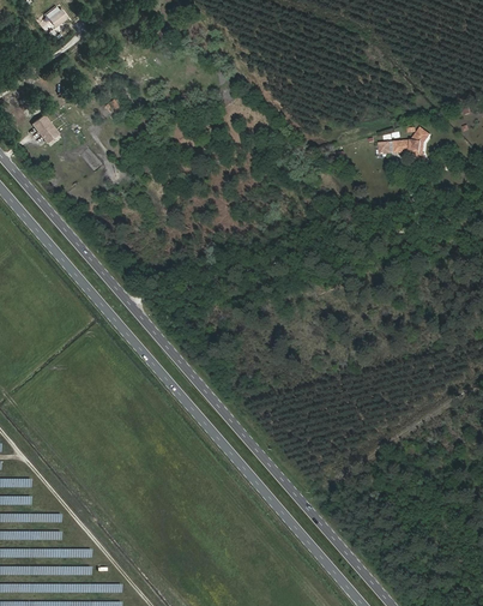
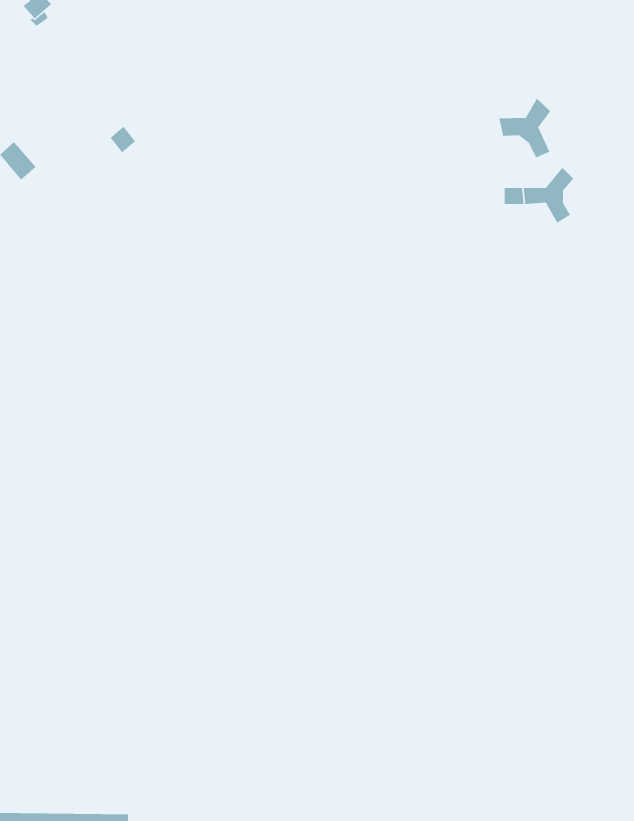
building: none -> [499,98,551,158]

